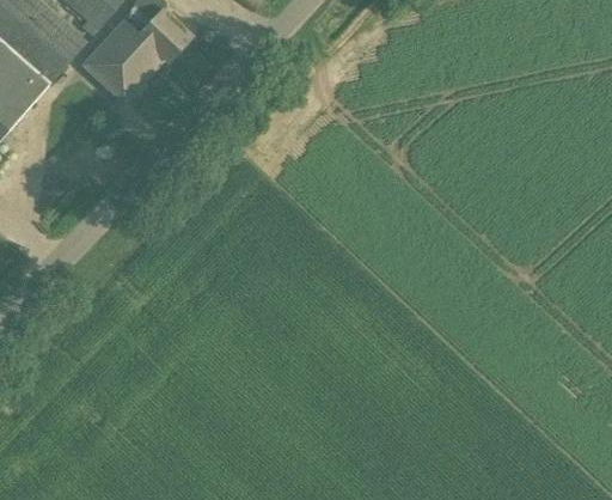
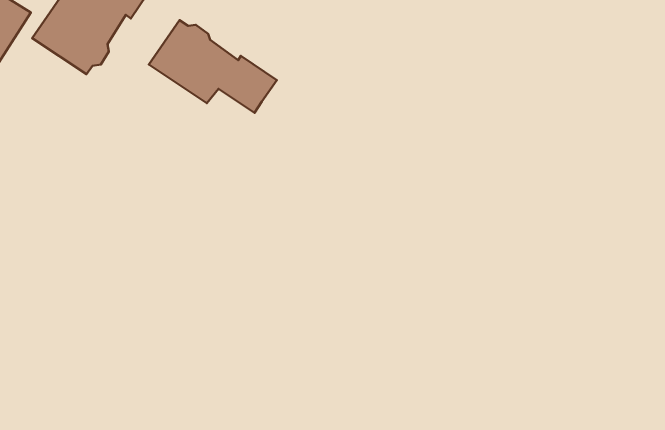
building: none -> [149,20,277,113]

